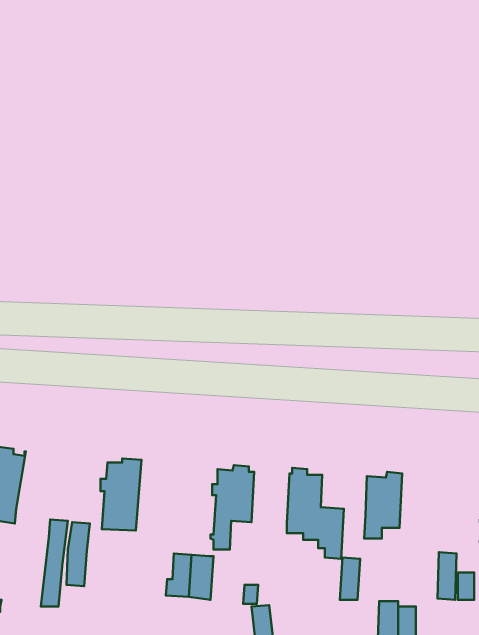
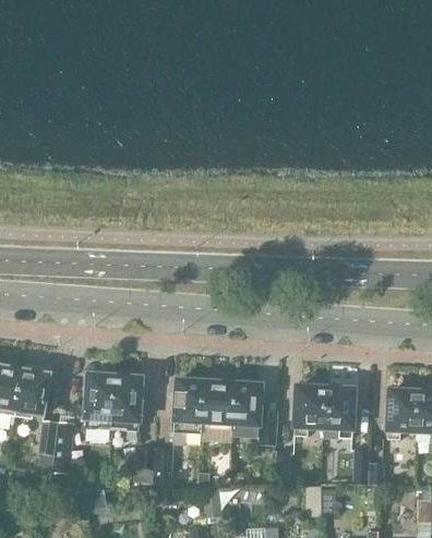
building: none -> [15,366,50,416]
building: none -> [111,372,143,431]
building: none -> [204,379,235,424]
building: none -> [323,383,355,438]

